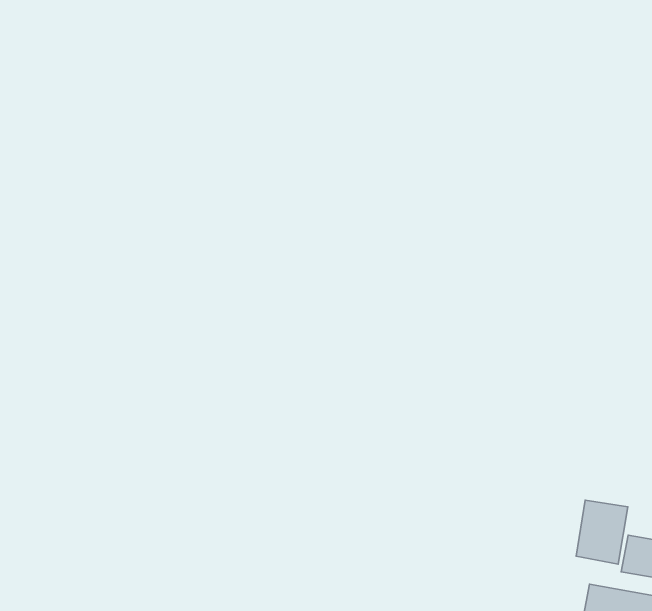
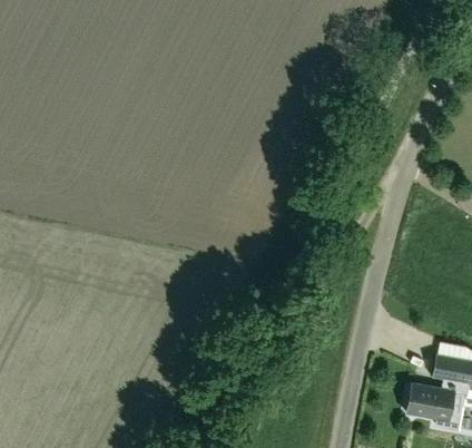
building: [576,500,628,564] -> none

